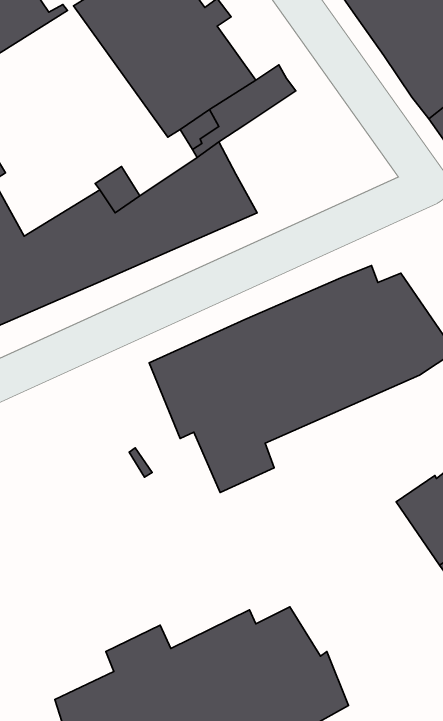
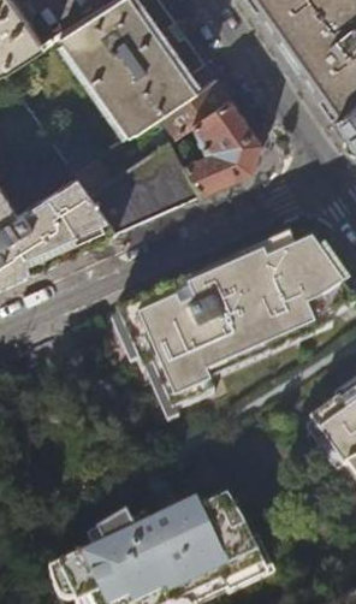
building: none -> [184,96,262,191]

